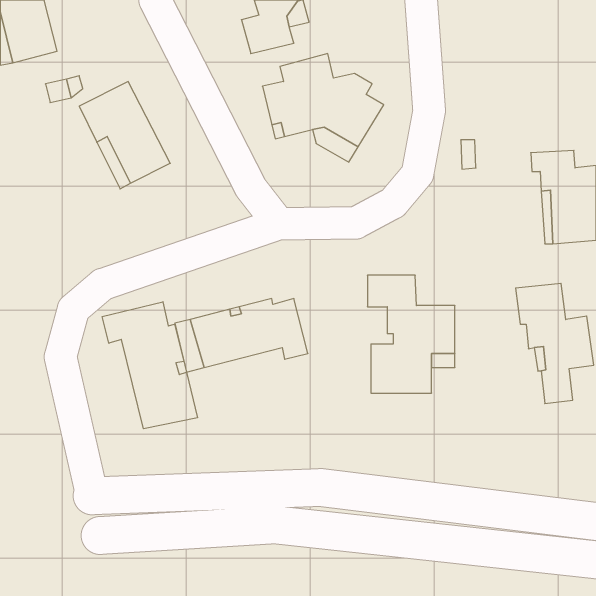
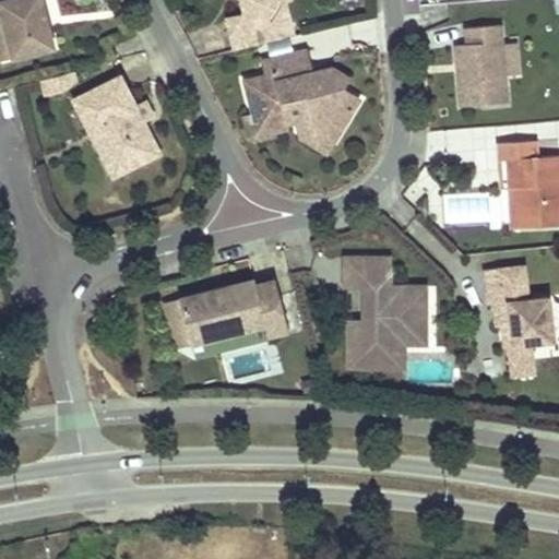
building: none -> [454,25,508,106]
building: [102,302,197,429] -> none

